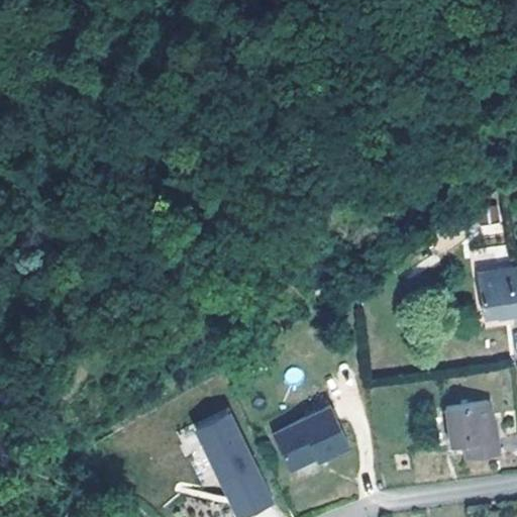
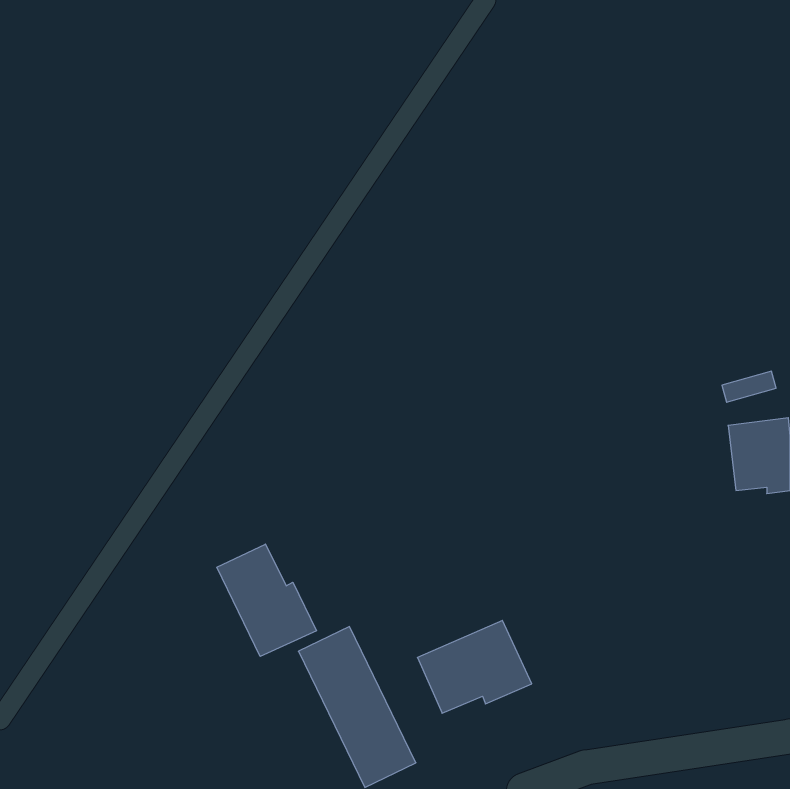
building: none -> [217,544,316,656]
building: [446,407,502,466] -> none

